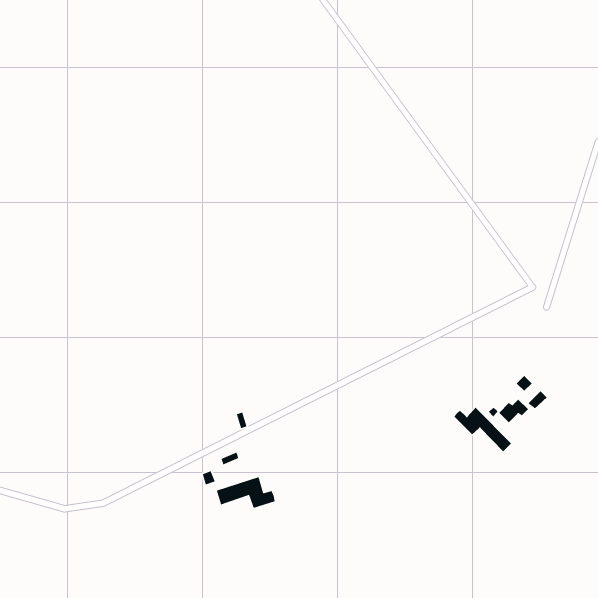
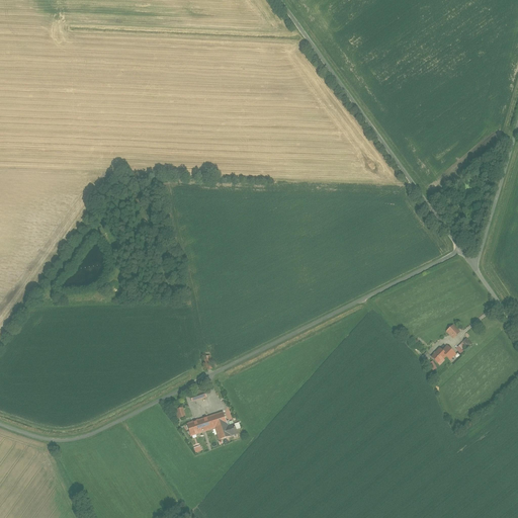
building: [453,407,512,452] -> none

